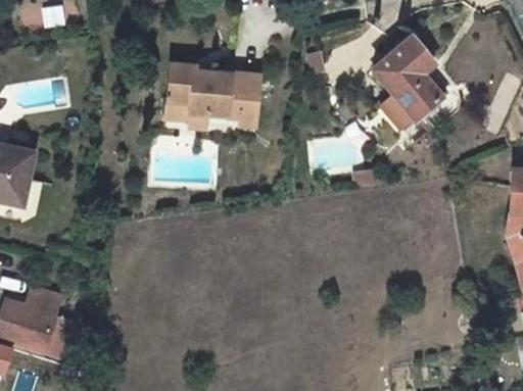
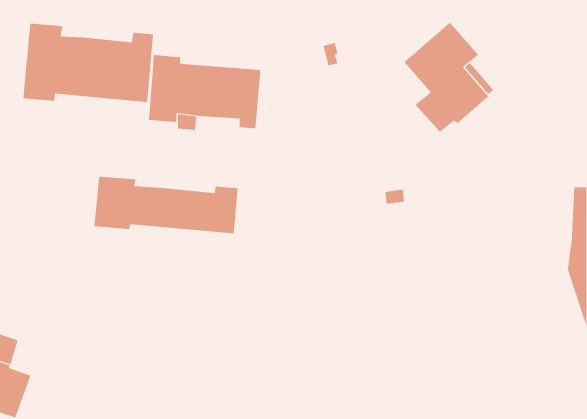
building: none -> [23,23,153,103]
building: none -> [94,176,238,234]

